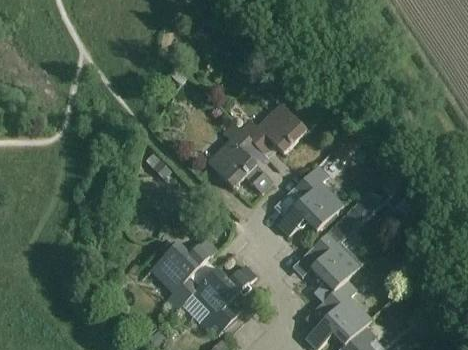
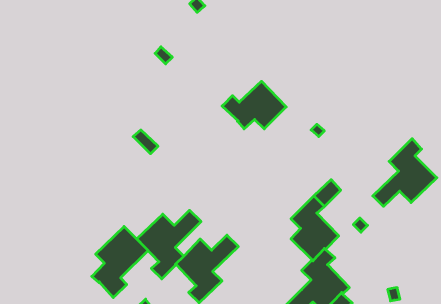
building: [205,120,271,193] -> none
building: [276,163,343,234] -> [373,139,437,206]
building: none -> [92,226,148,298]

